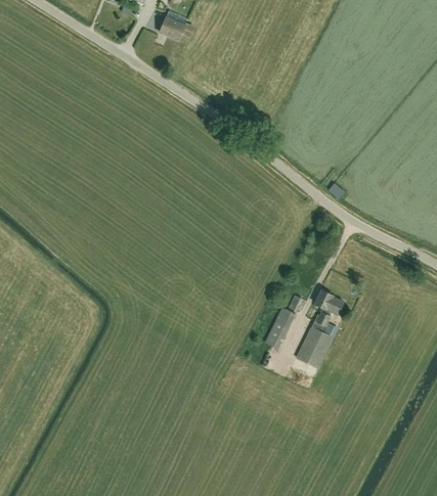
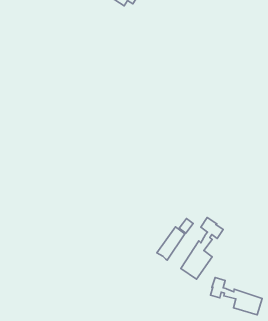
building: none -> [211,277,262,315]

